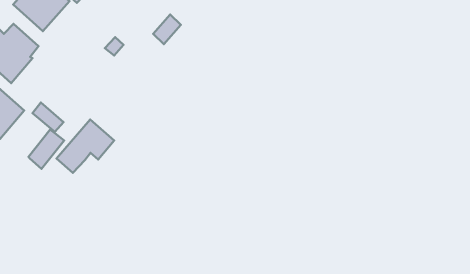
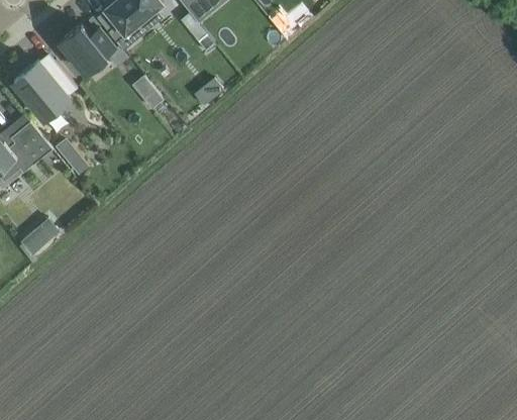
building: [57,120,114,173] -> none
building: [28,130,64,169] -> [20,217,59,254]

